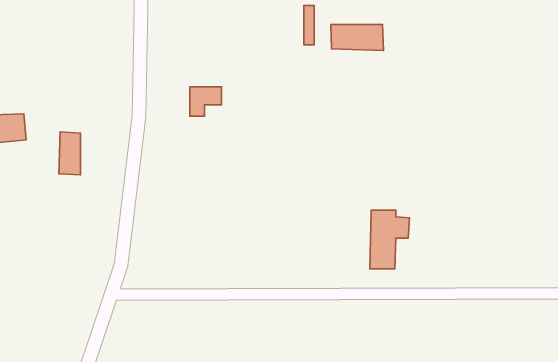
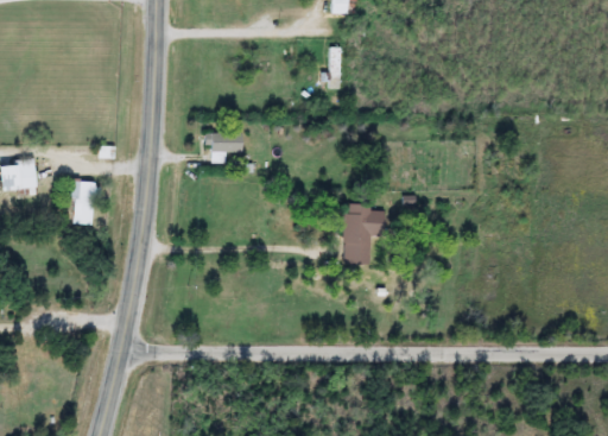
building: [331,25,383,50] -> none
building: [370,210,409,269] -> [343,202,385,264]

